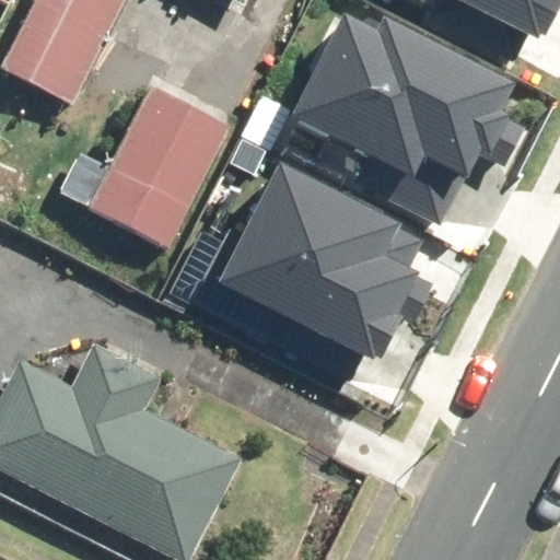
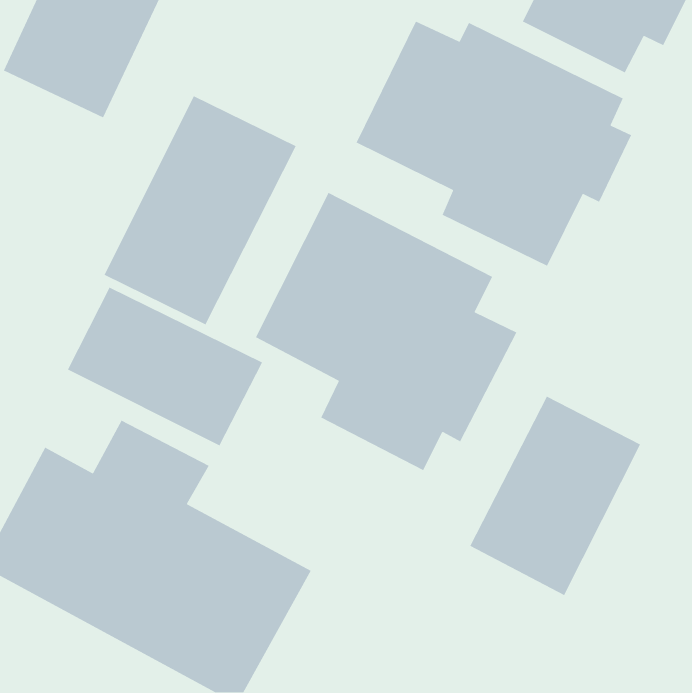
building: none -> [67,287,263,446]
building: none -> [469,395,641,596]

